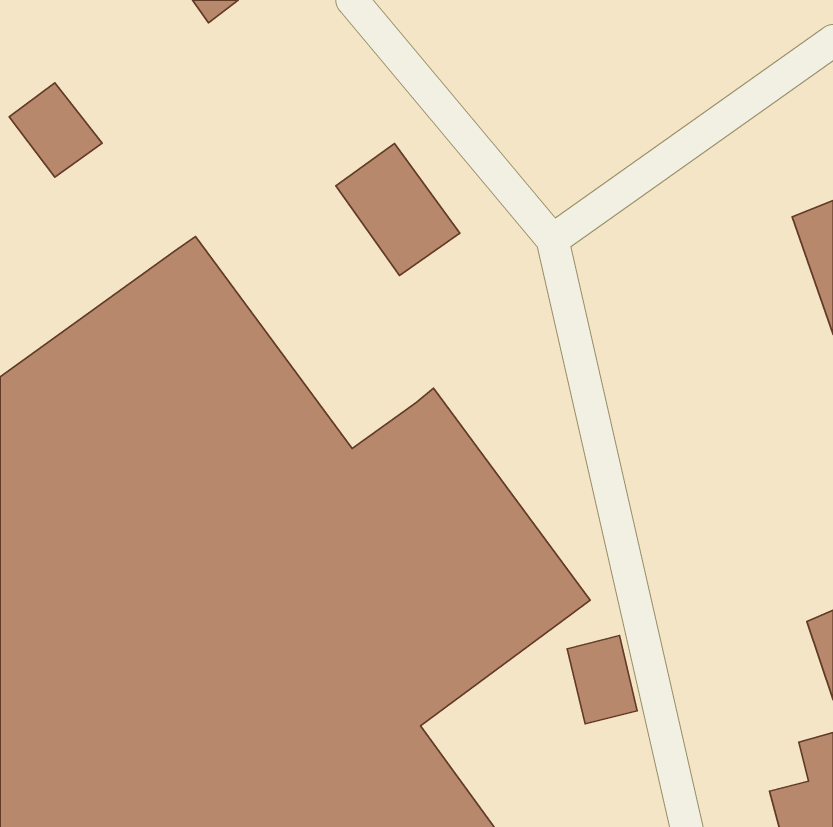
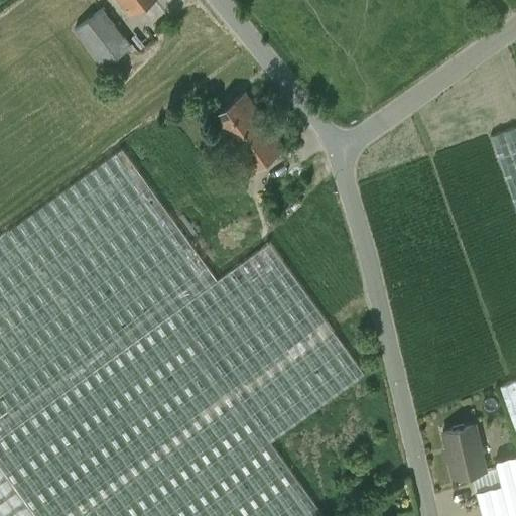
building: [9,83,102,177] -> [74,11,131,70]
building: [567,636,637,724] -> [440,426,484,481]

